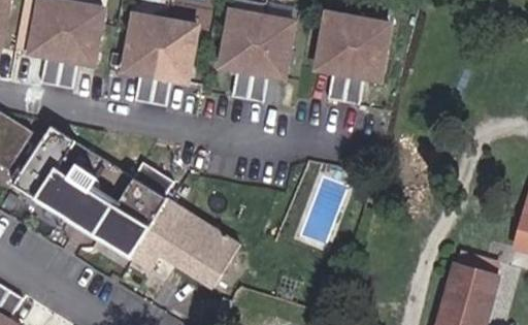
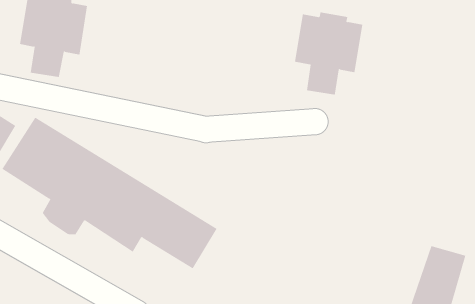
building: [222,11,294,99] -> none
building: [126,13,198,101] -> none

